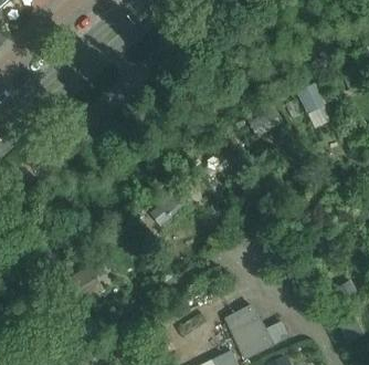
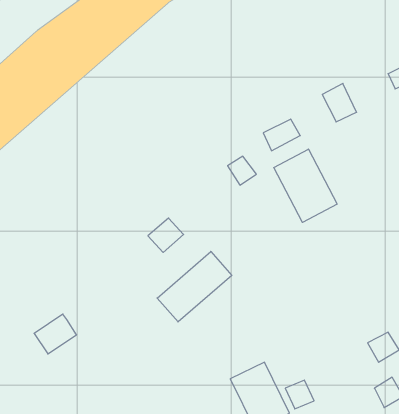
building: none -> [274,149,337,222]
building: none -> [157,251,232,322]

